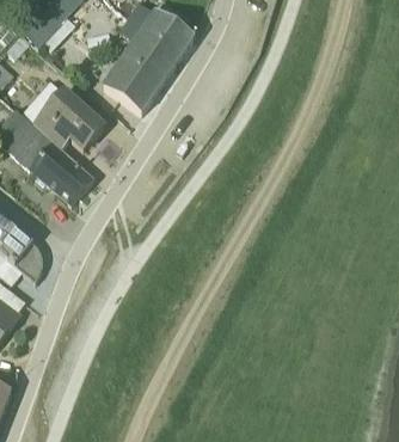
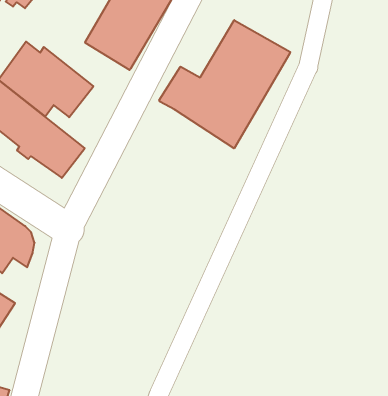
building: none -> [159,20,290,148]

